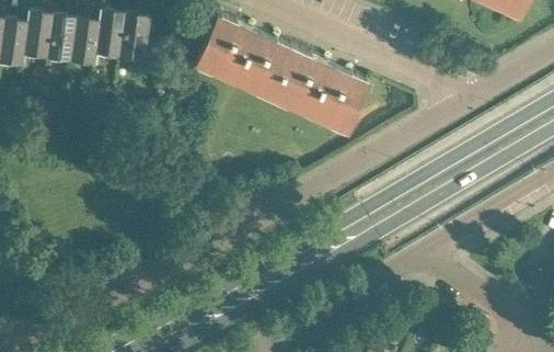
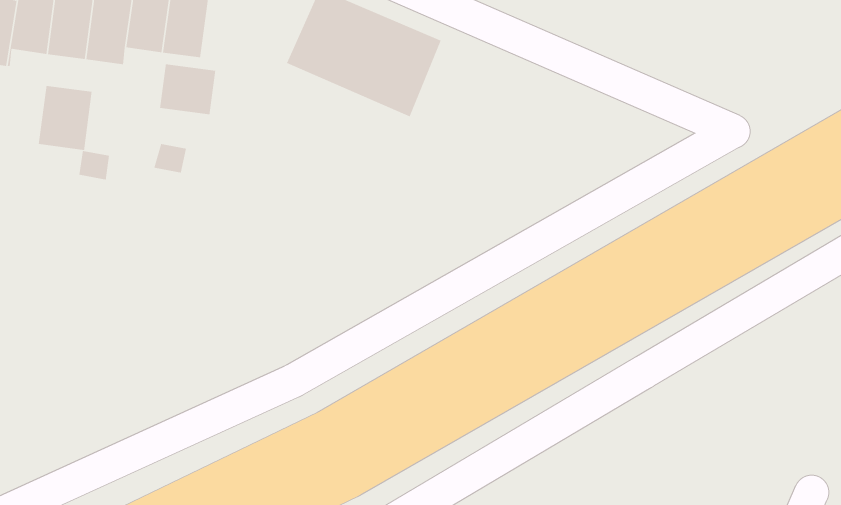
building: [274,48,369,130] -> none
building: none -> [159,63,216,115]
building: none -> [38,85,92,151]

